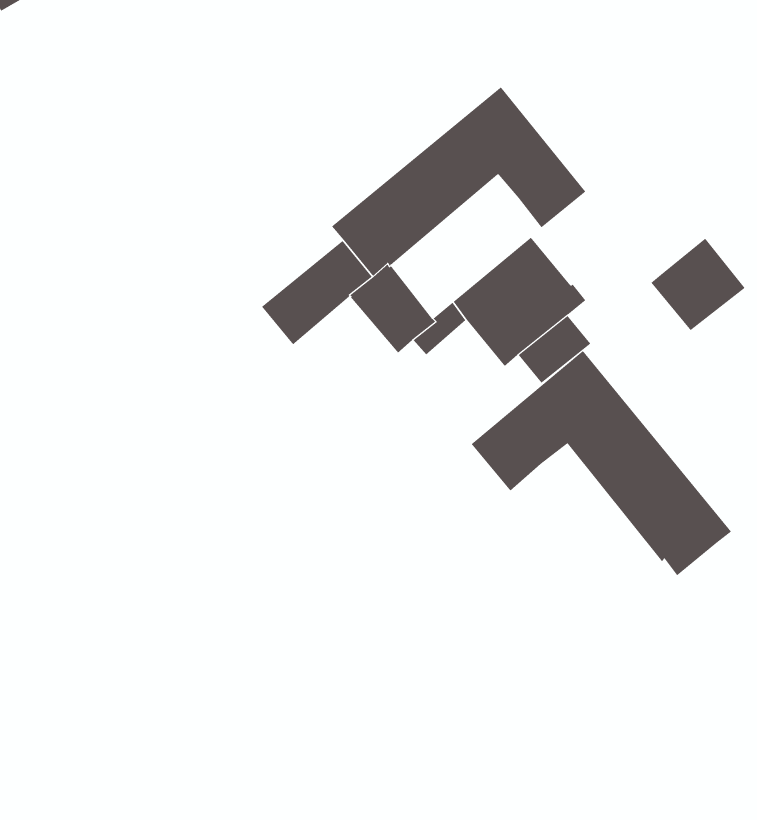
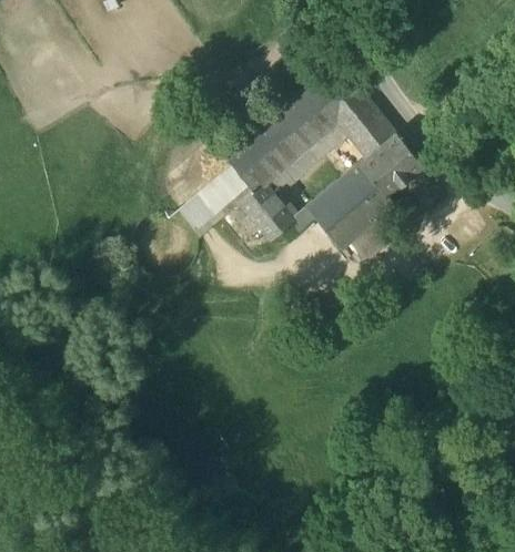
building: none -> [265,121,350,196]
building: [650,238,745,331] -> [359,132,422,194]
building: [471,350,732,576] -> none

